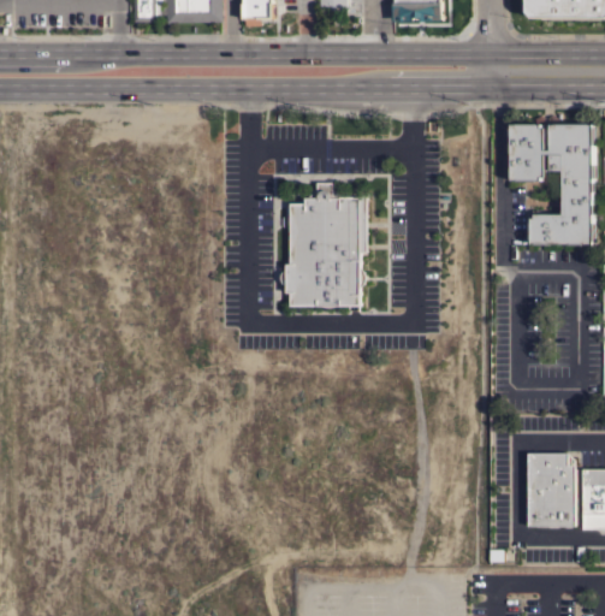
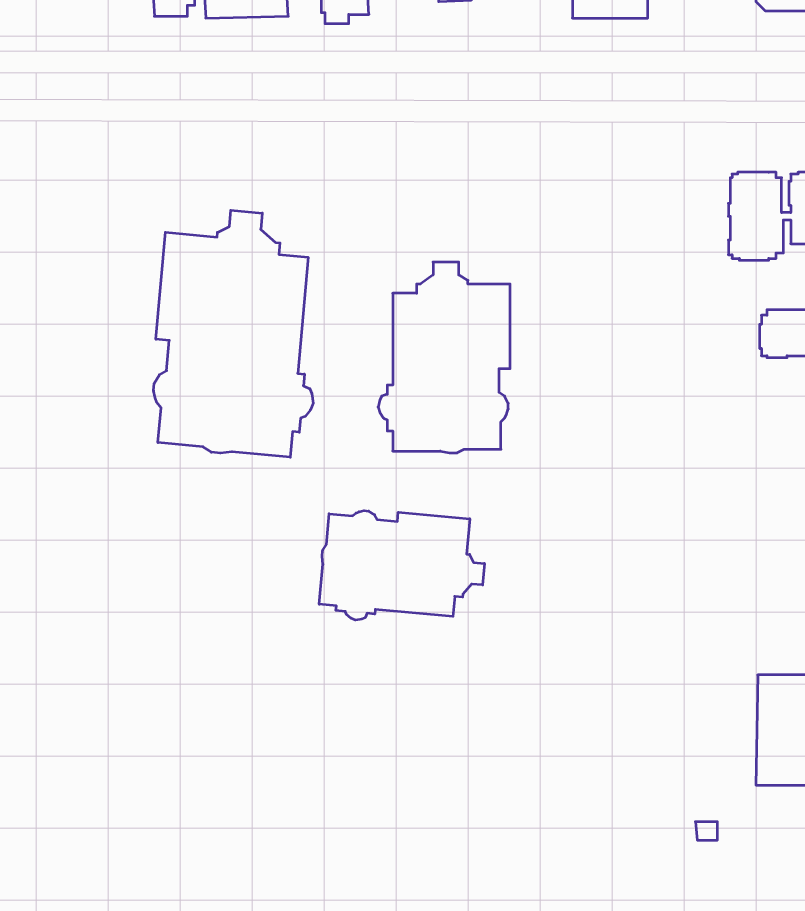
building: none -> [154,210,313,457]
building: none -> [319,511,484,620]

